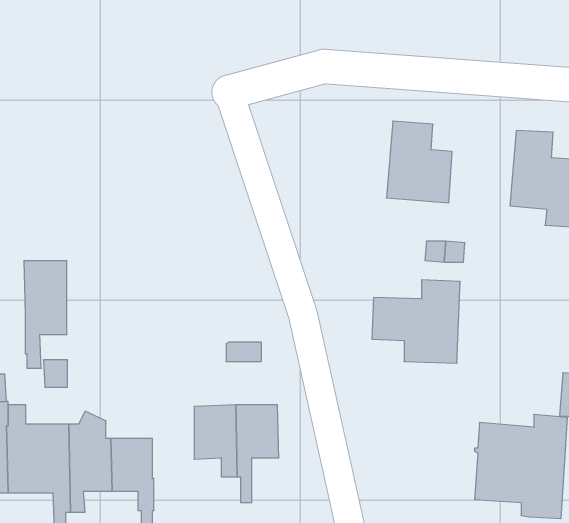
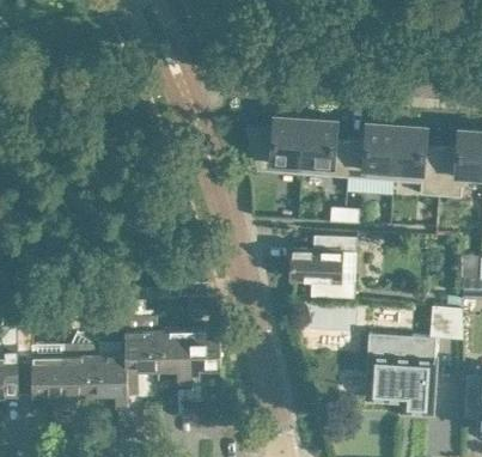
building: none -> [245,115,306,175]
building: none -> [348,122,398,181]
building: [24,261,67,368] -> [126,315,158,395]

